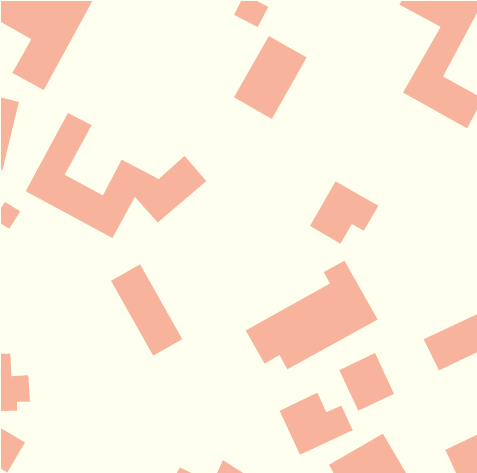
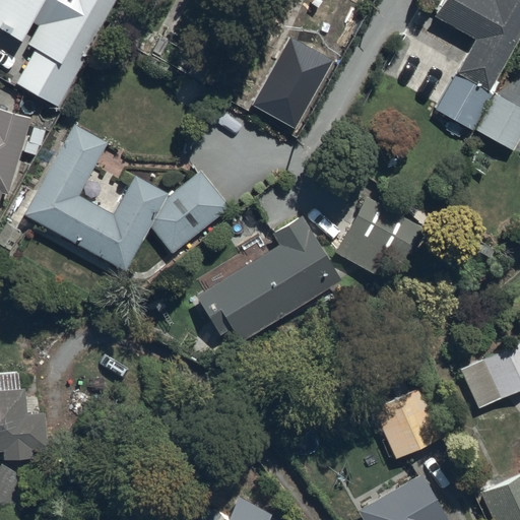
building: [244,260,379,370] -> [197,215,342,335]
building: [110,263,184,357] -> none
building: [278,392,354,456] -> none

